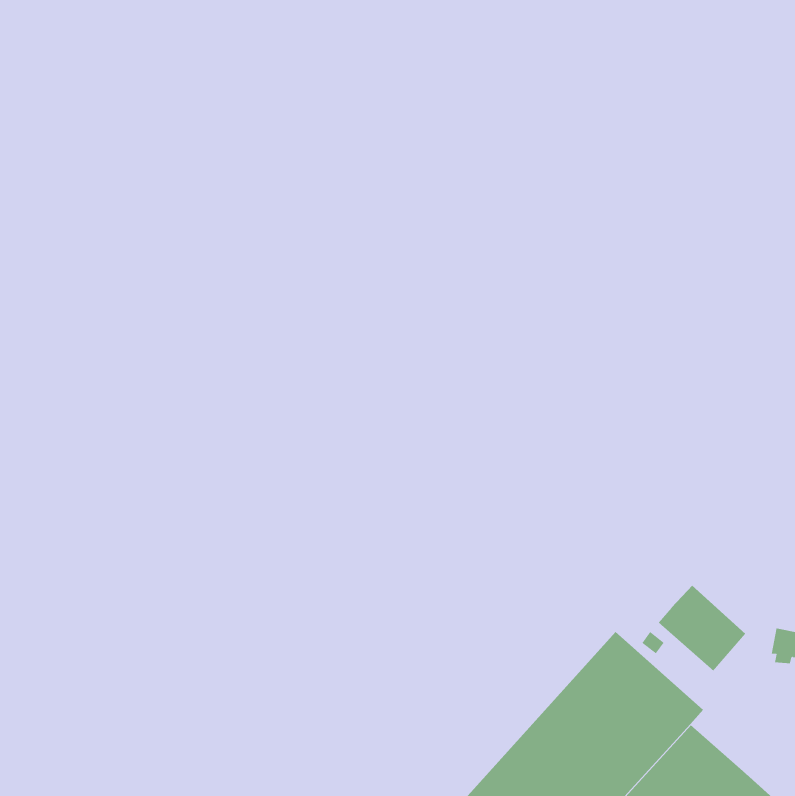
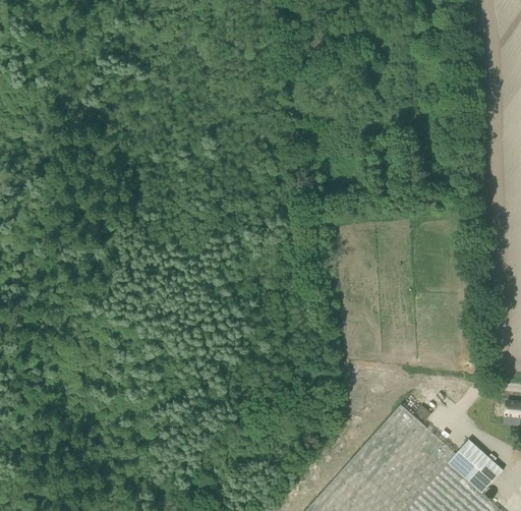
building: [658,585,746,671] -> [446,442,501,496]

